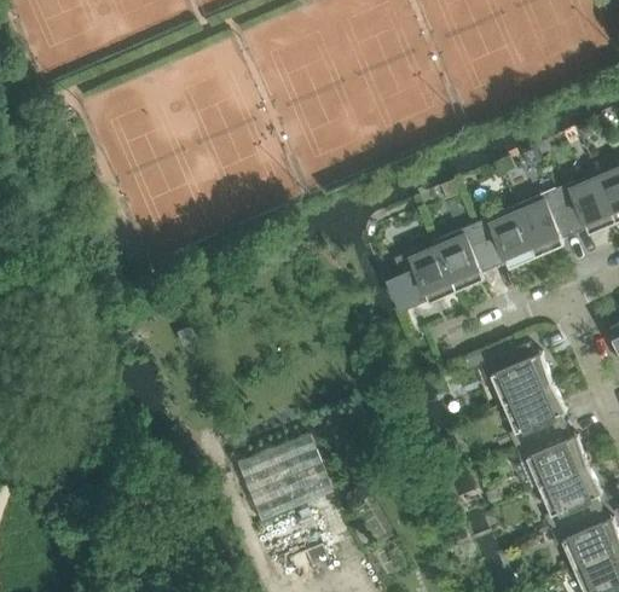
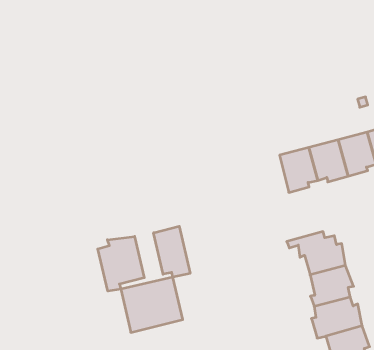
building: [387,240,457,309] -> none
building: none -> [154,226,190,277]
building: none -> [98,236,144,291]

